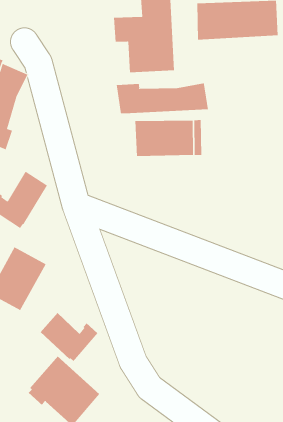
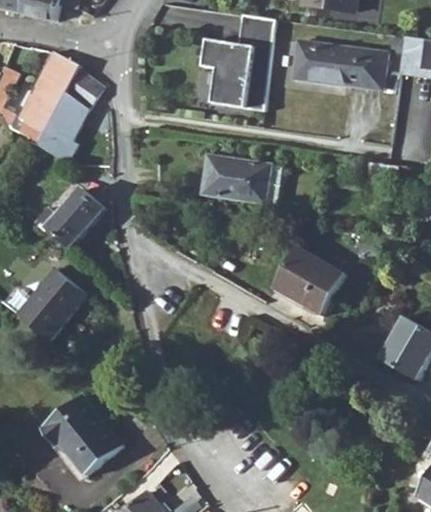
building: [116,83,208,114] -> none
building: none -> [276,245,346,312]
building: [40,312,98,362] -> none

